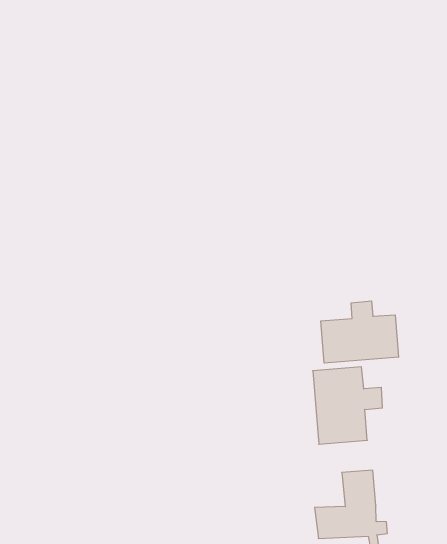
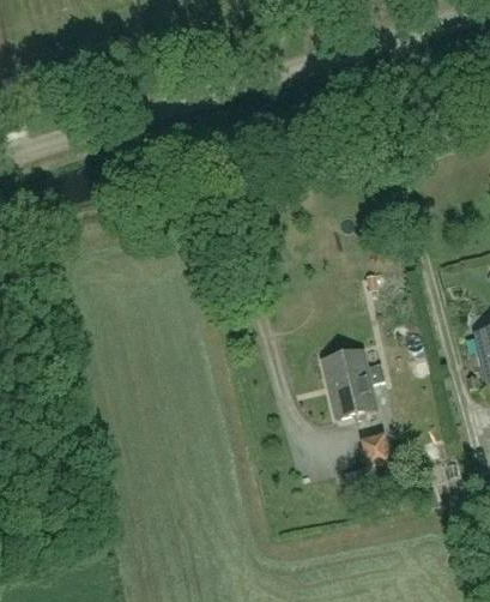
building: [321,301,398,363] -> none

